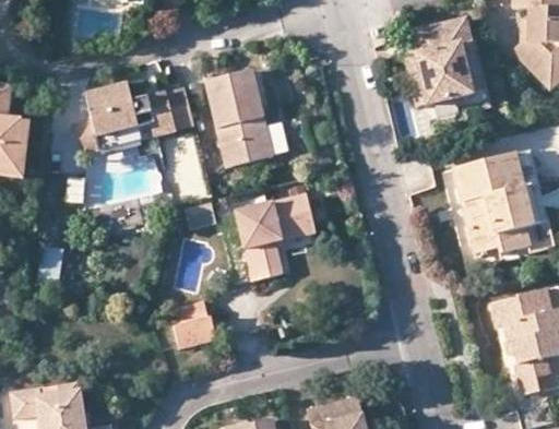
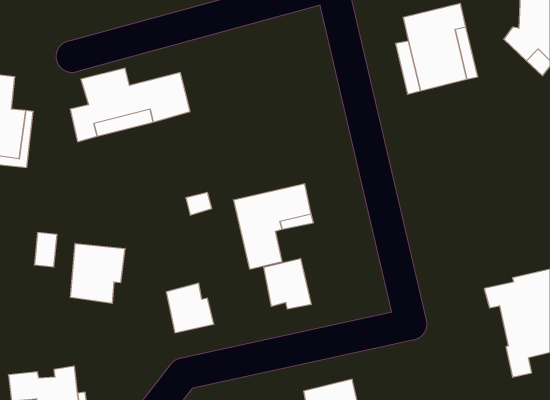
building: [207,72,276,169] -> none
building: [452,147,537,251] -> none
building: none -> [70,243,125,303]
building: none -> [264,258,311,309]

